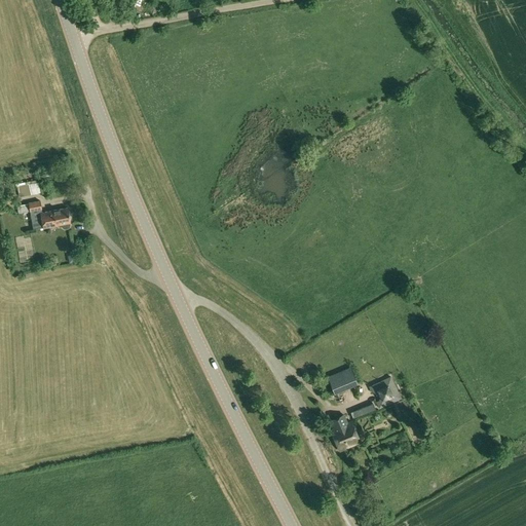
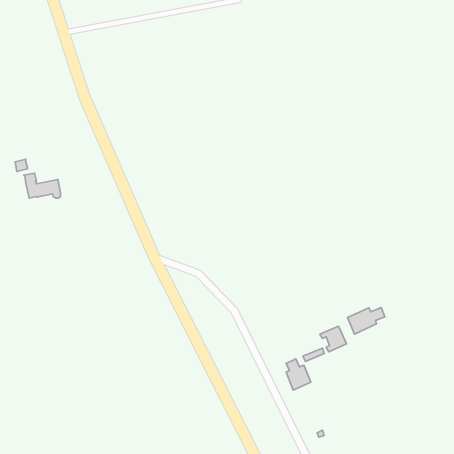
building: none -> [348,308,385,334]
building: [327,366,356,391] -> none

